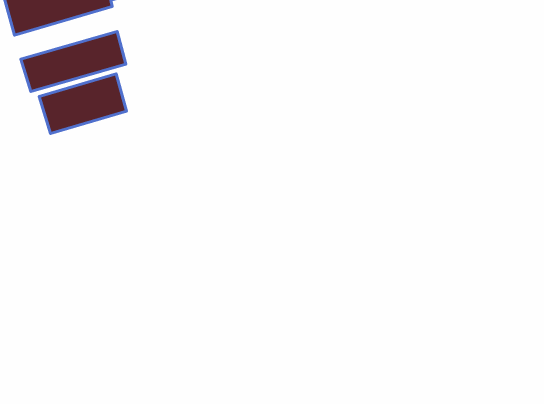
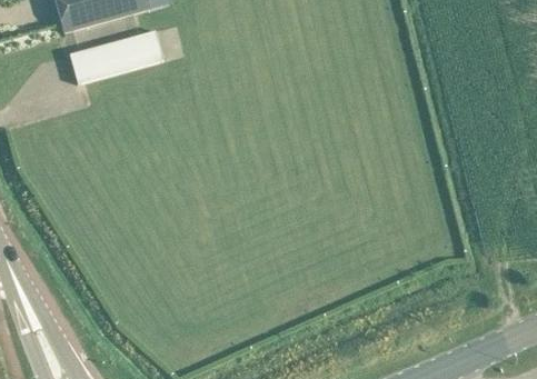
building: [39,74,126,133] -> none

